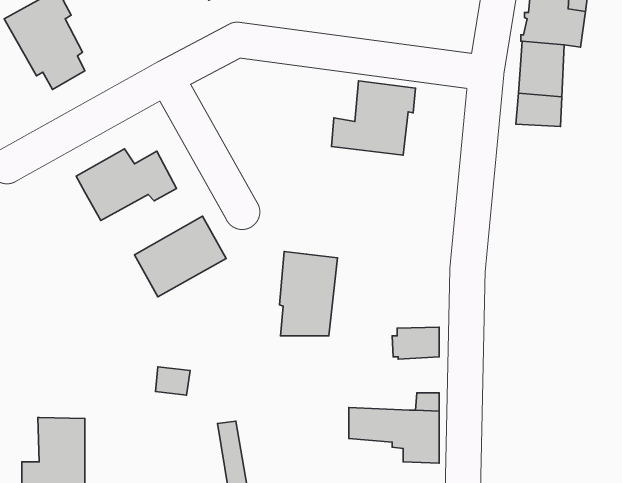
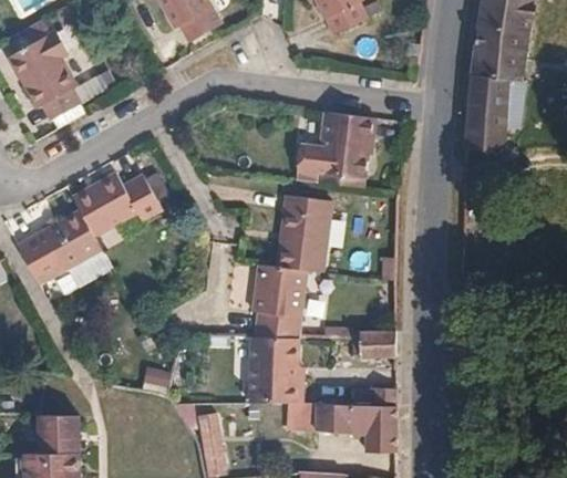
building: none -> [277,196,331,272]
building: [134,216,226,297] -> [18,211,100,283]
building: none -> [246,339,302,404]

